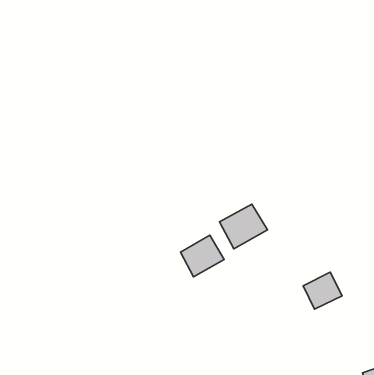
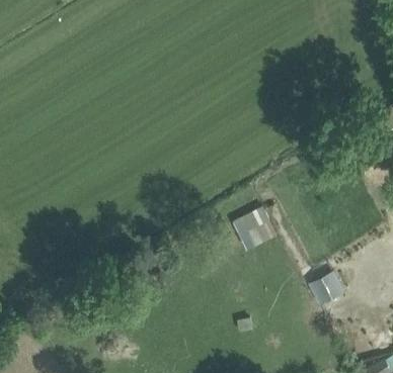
building: [181,235,224,277] -> none

